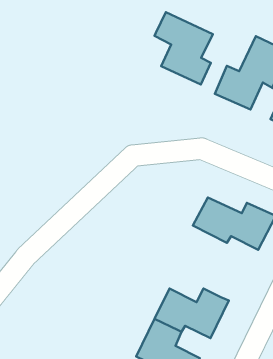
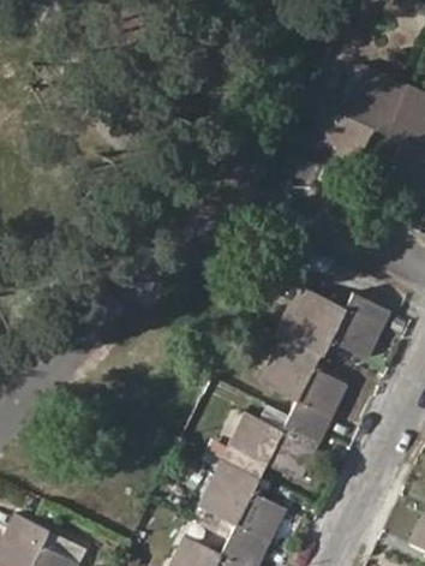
building: [154,12,213,84] -> none
building: none -> [261,324,349,428]

